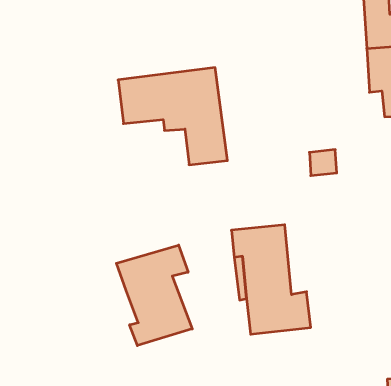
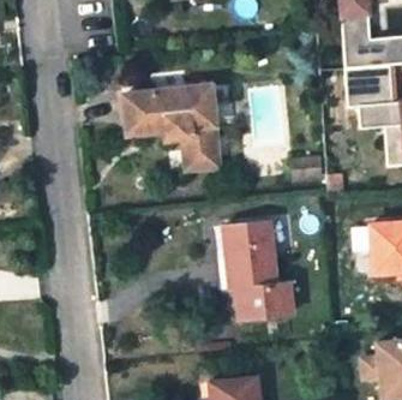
building: [116,245,192,346] -> none

